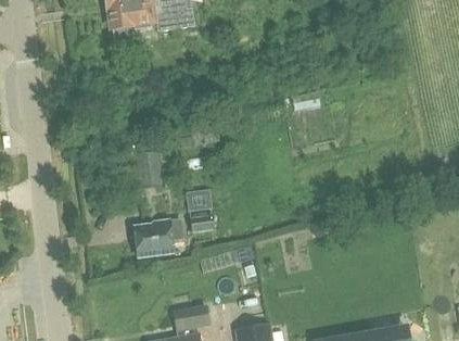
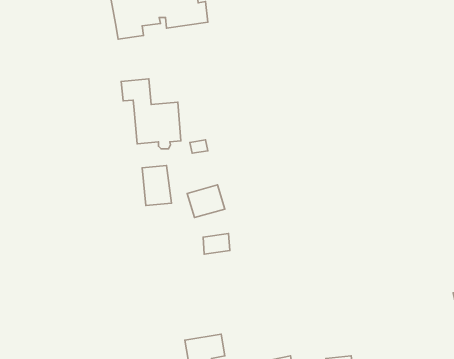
building: none -> [121,79,181,149]
building: [135,217,183,255] -> none

